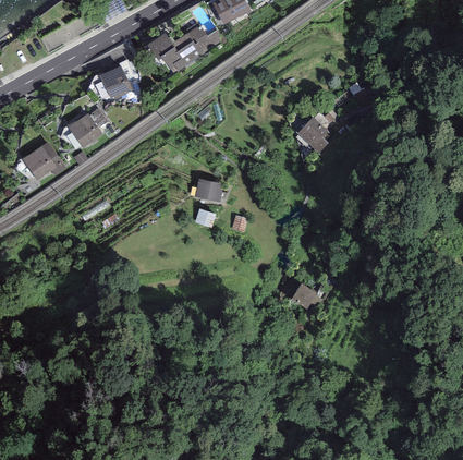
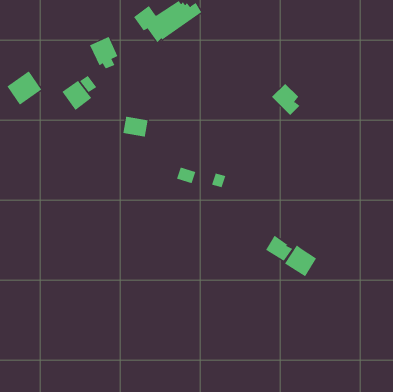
building: [22,142,61,180] -> [6,71,42,105]
building: [194,179,222,202] -> [122,116,148,137]
building: none -> [284,245,317,277]

